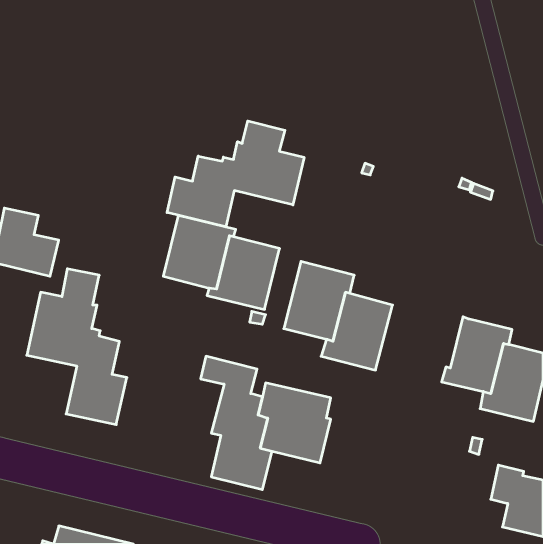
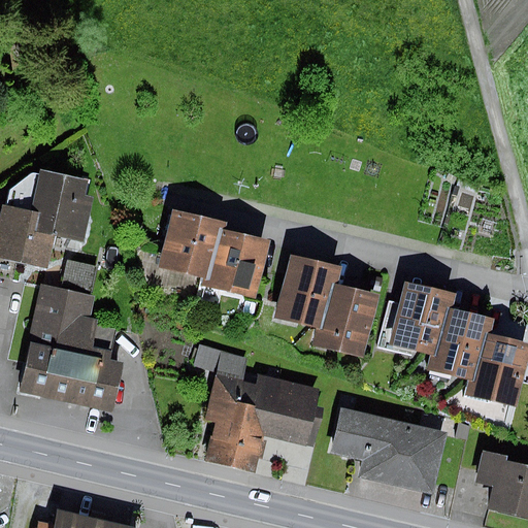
building: [167,121,304,227] -> none
building: none -> [33,167,95,238]
building: none -> [389,280,457,356]
building: none -> [15,343,74,400]
building: none -> [330,407,447,495]

